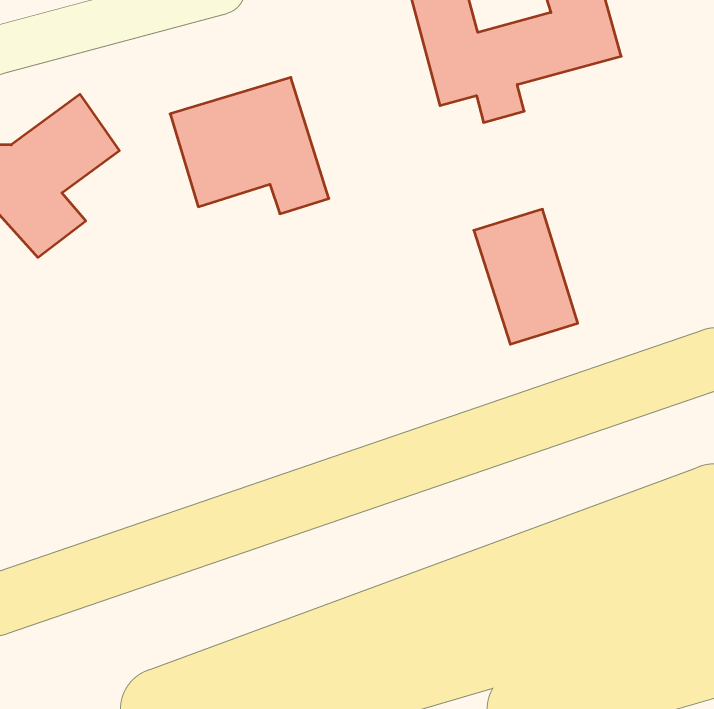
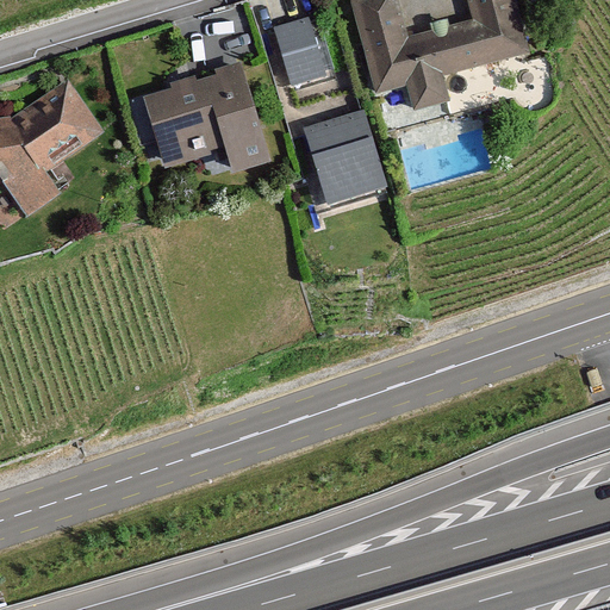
building: none -> [270,11,330,85]
building: [474,209,578,344] -> [295,89,384,204]

